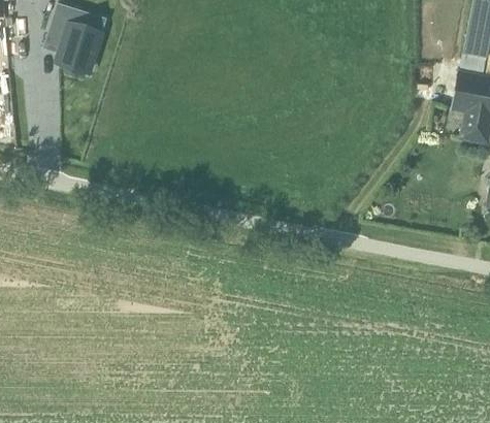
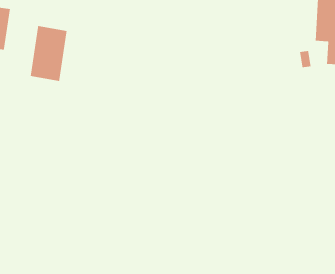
building: none -> [30,25,68,82]

